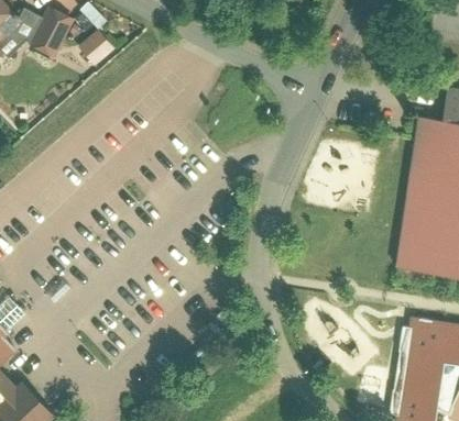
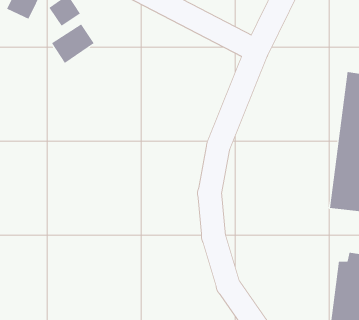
building: none -> [51,23,95,64]

